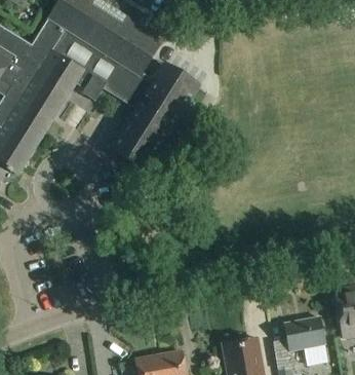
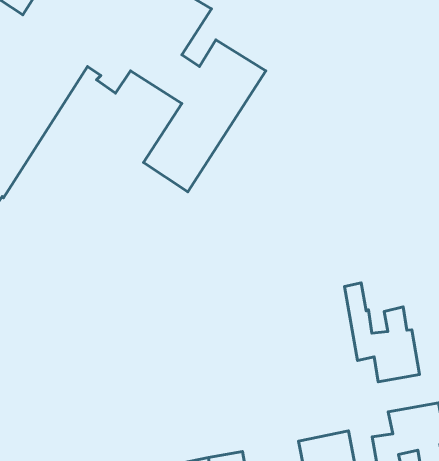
building: none -> [344,283,419,382]

